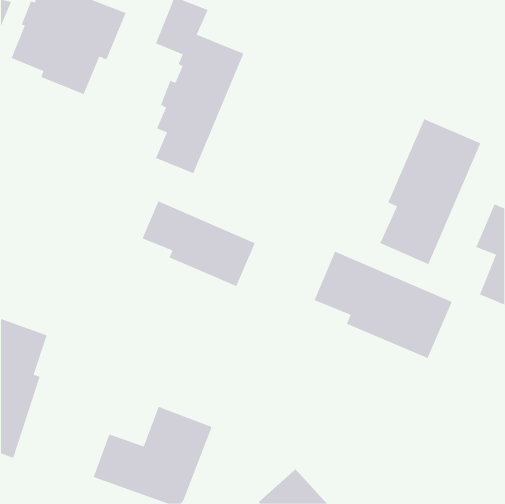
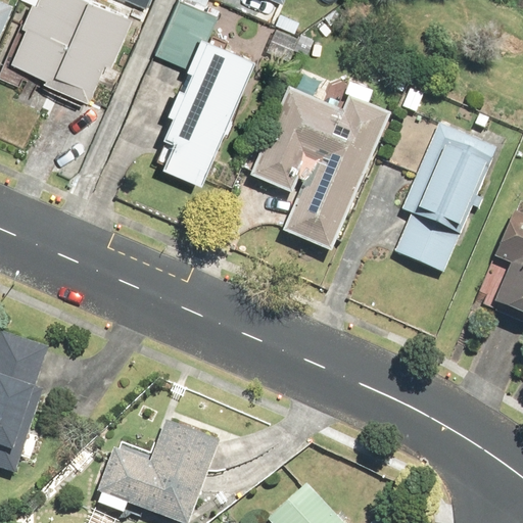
building: none -> [247,87,390,253]
building: [142,201,256,287] -> none
building: [314,251,453,359] -> none

